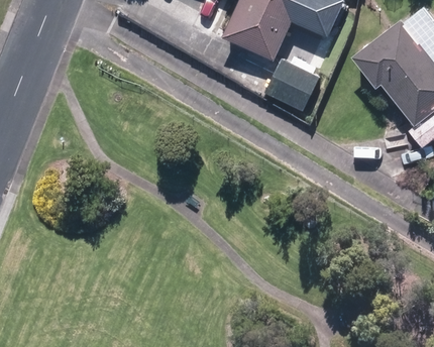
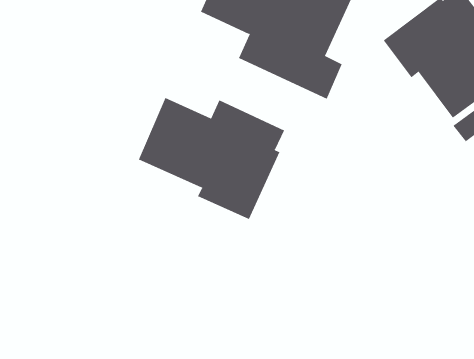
building: none -> [138,97,285,220]

